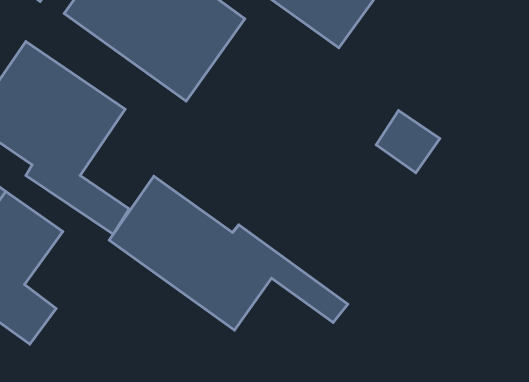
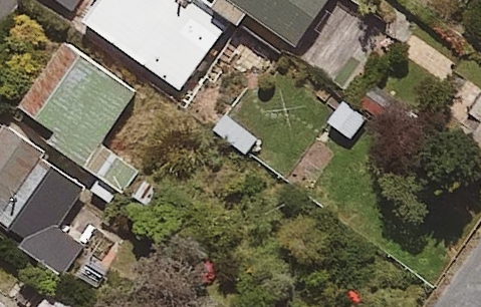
building: [109,176,348,330] -> none

